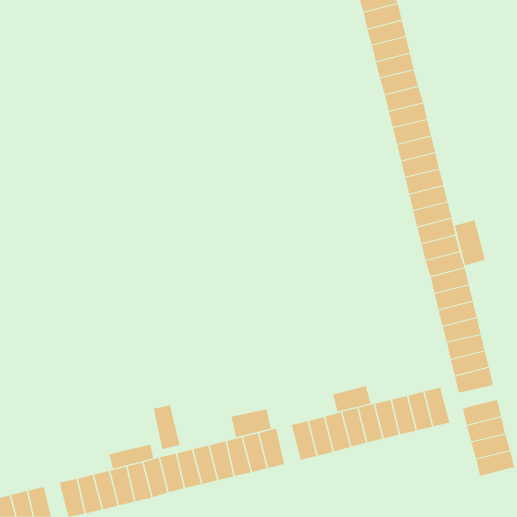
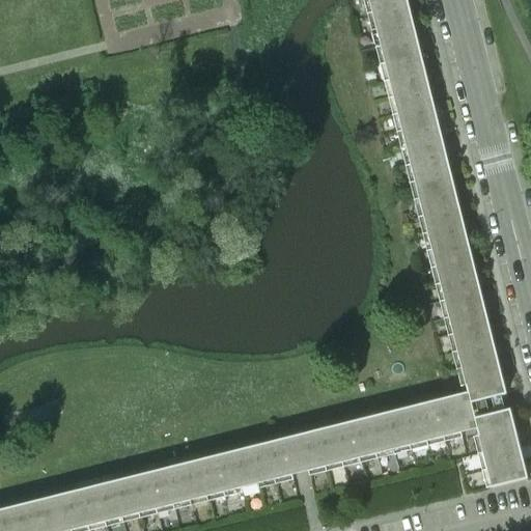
building: [454,219,485,266] -> none
building: [333,385,371,412] -> none
building: [153,405,180,450] -> none
building: [231,409,272,438] -> none
building: [109,444,154,470] -> none

